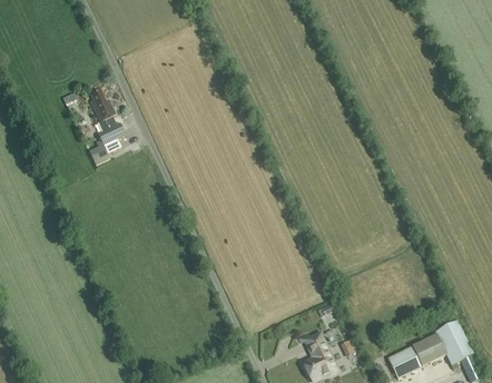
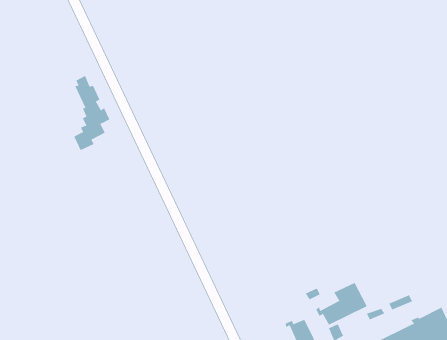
building: none -> [315,282,368,325]

